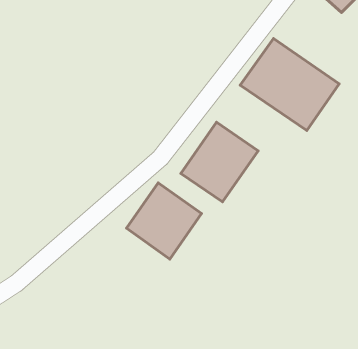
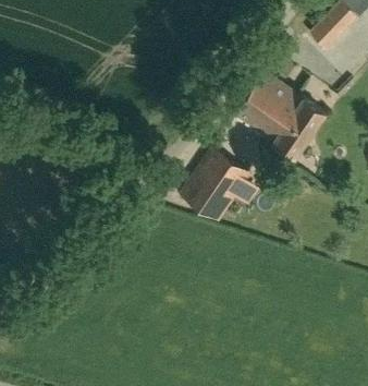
building: [126,183,202,259] -> none

